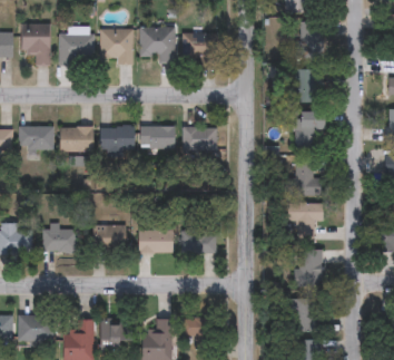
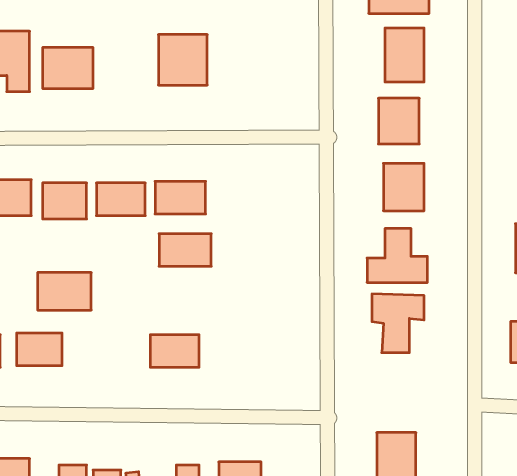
building: [101,28,135,62] -> none
building: [180,33,218,60] -> none
building: [180,127,216,149] -> [159,234,211,266]
building: [87,225,124,251] -> [38,273,91,310]
building: [181,230,213,255] -> none
building: [294,249,322,285] -> none

